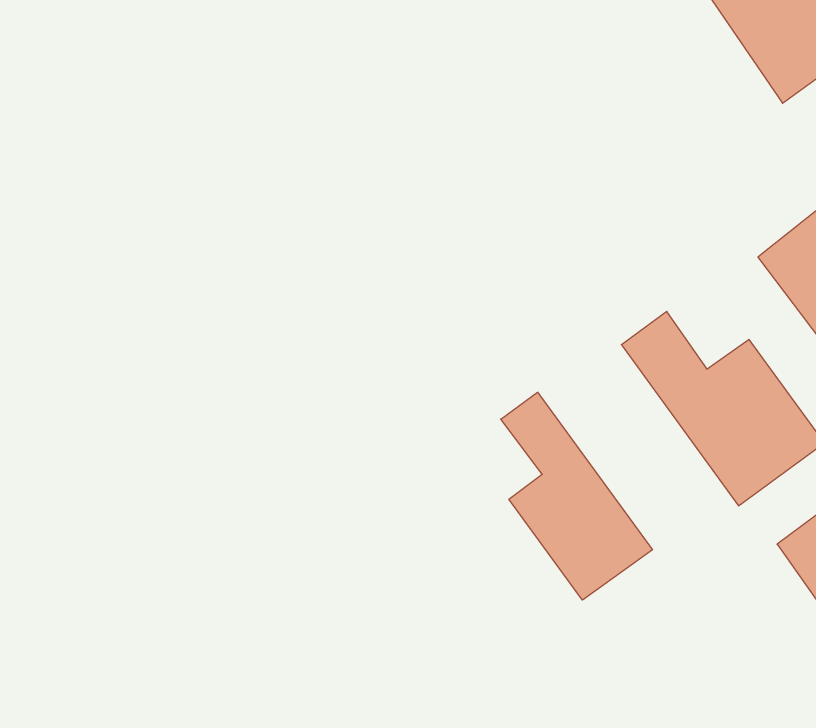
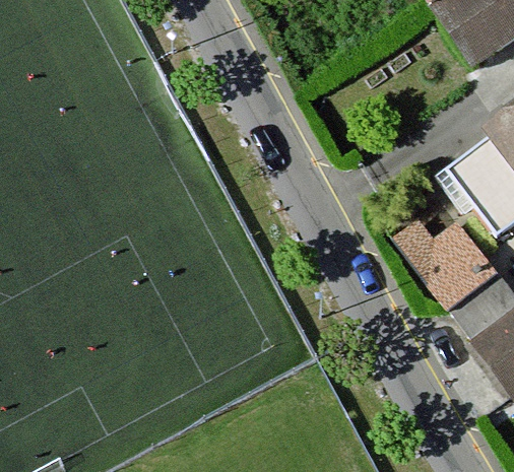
building: [501,392,652,600] -> none

